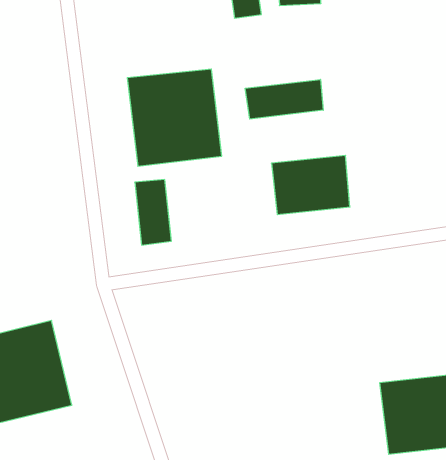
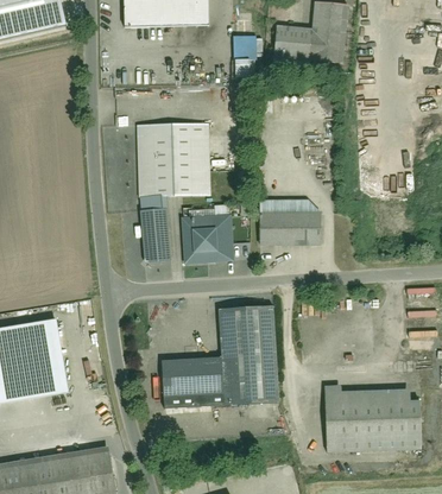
building: [245,79,323,119] -> none
building: none -> [182,217,228,264]
building: none -> [164,308,283,405]

